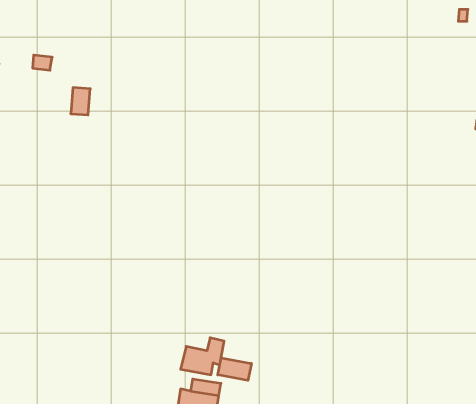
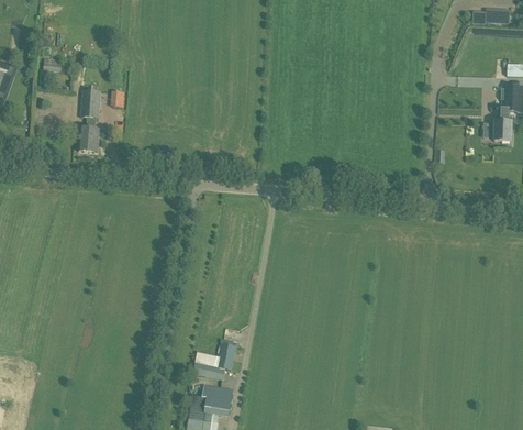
building: none -> [78,126,100,152]
building: [218,358,251,380] -> none

